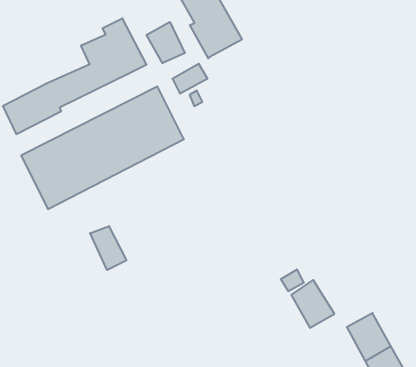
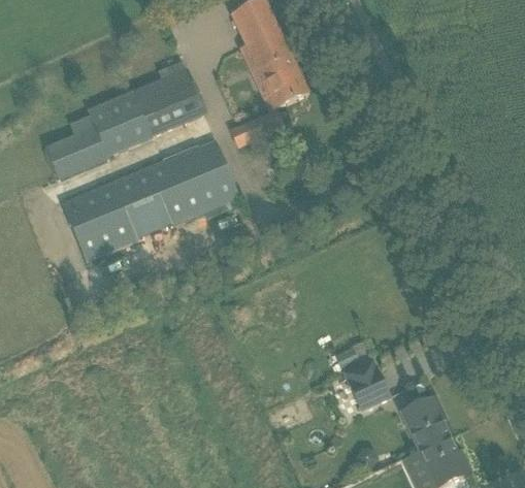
building: [147,22,185,63] -> none
building: none -> [87,89,142,127]
building: [90,226,126,270] -> none

